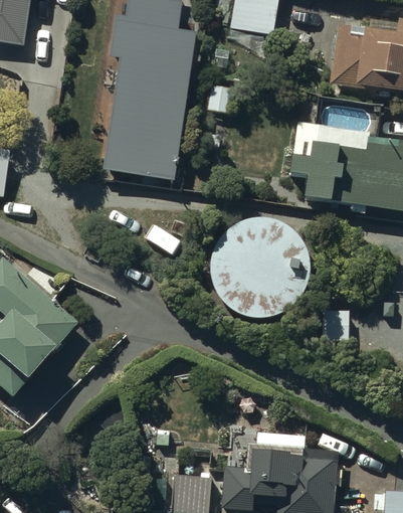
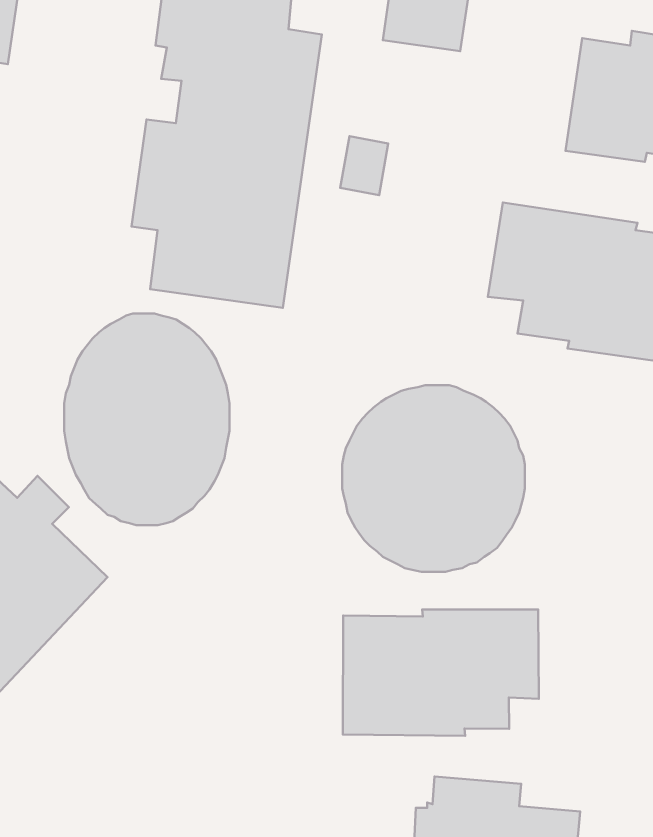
building: none -> [64,313,230,525]
building: none -> [343,609,539,736]

